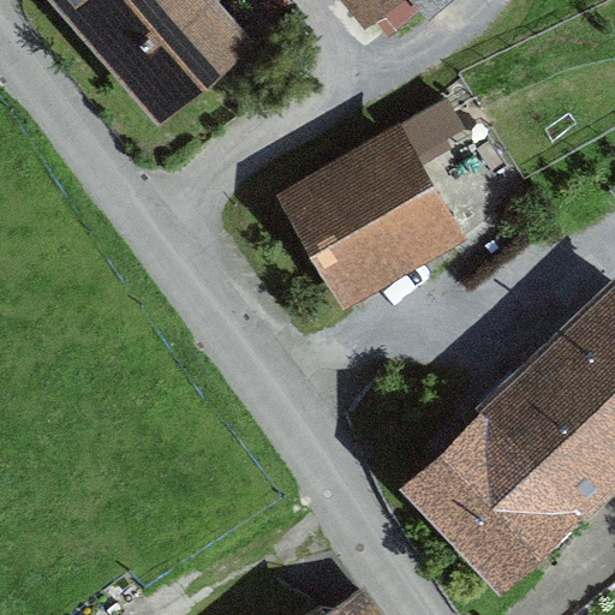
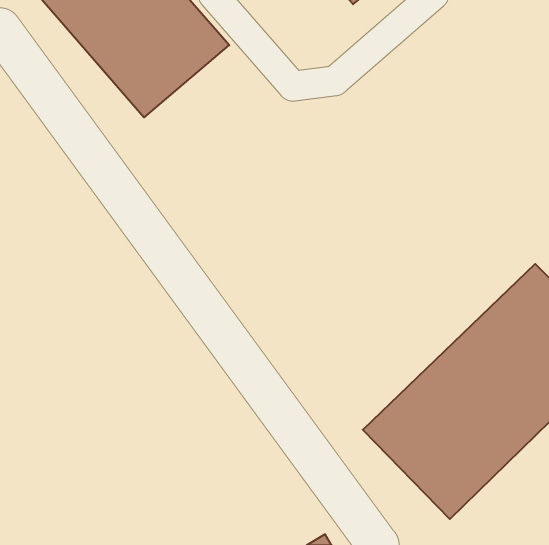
building: [279,98,467,309] -> none

